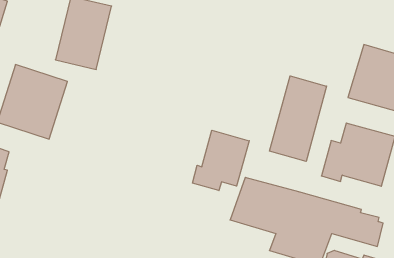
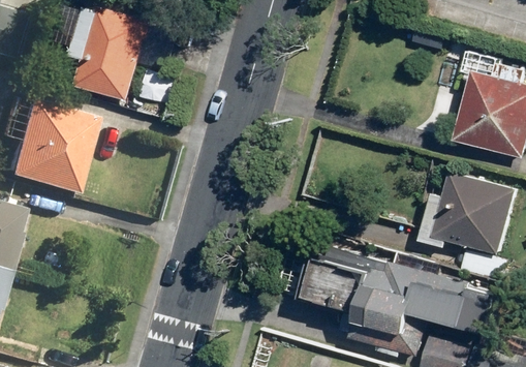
building: [269,76,327,161] -> none
building: [192,130,249,191] -> none

